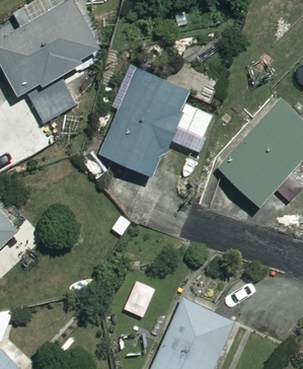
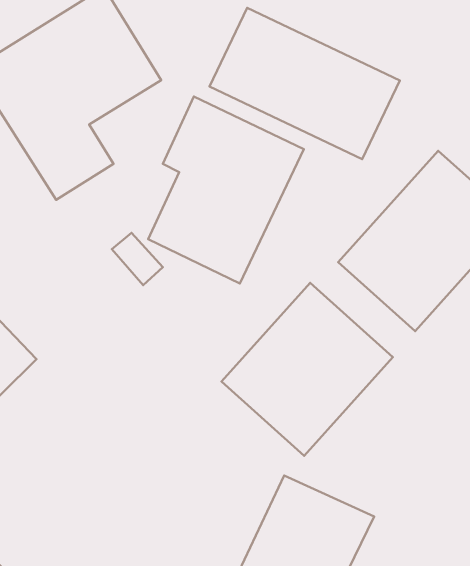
building: none -> [209,8,400,159]
building: none -> [222,283,393,456]

